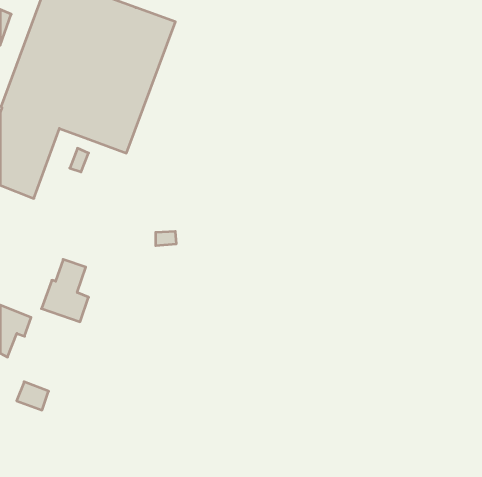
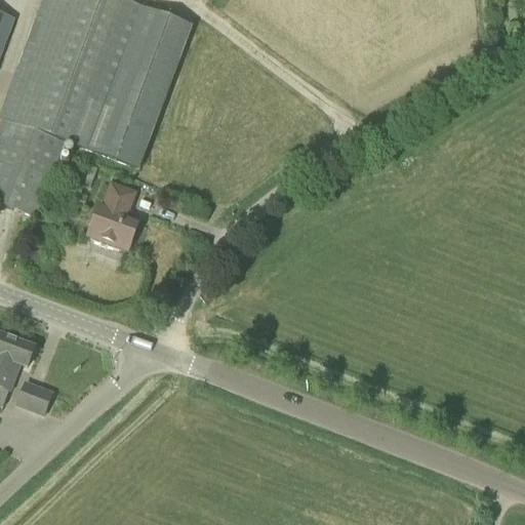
building: [41,259,89,322] -> [86,180,137,248]
building: [17,382,49,410] -> [15,381,50,412]

